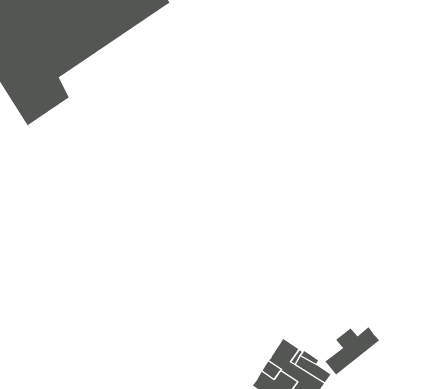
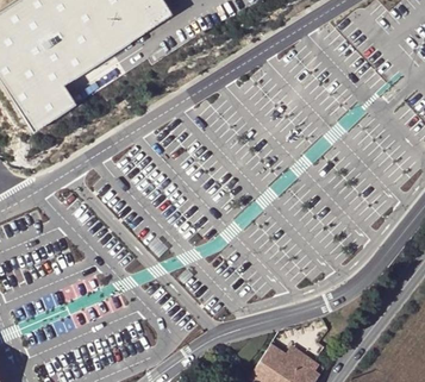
building: [325,326,380,375] -> none

